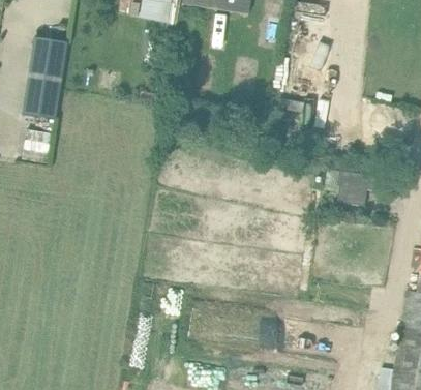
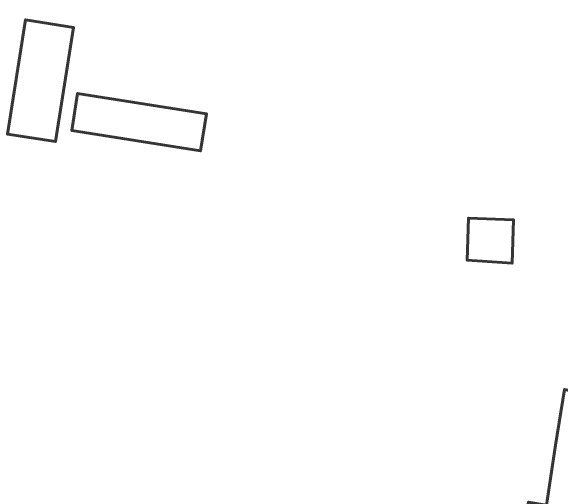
building: none -> [72,93,206,151]

